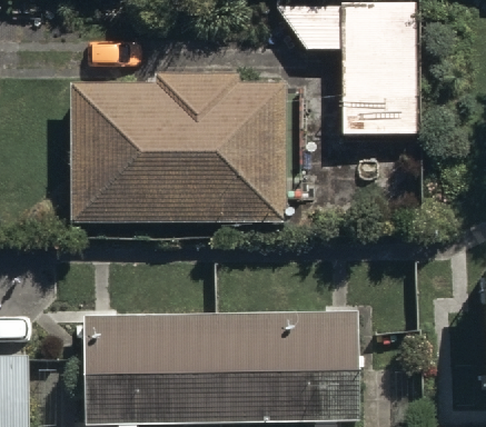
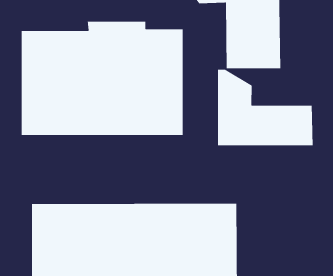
building: none -> [217,69,313,146]

